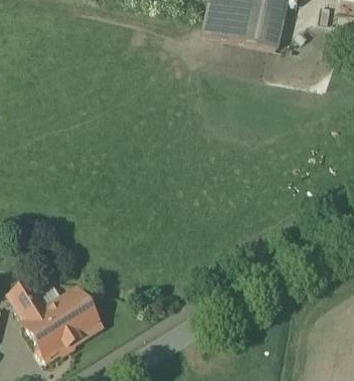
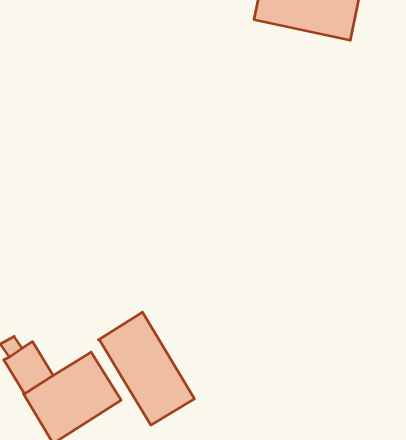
building: none -> [98,312,194,425]

